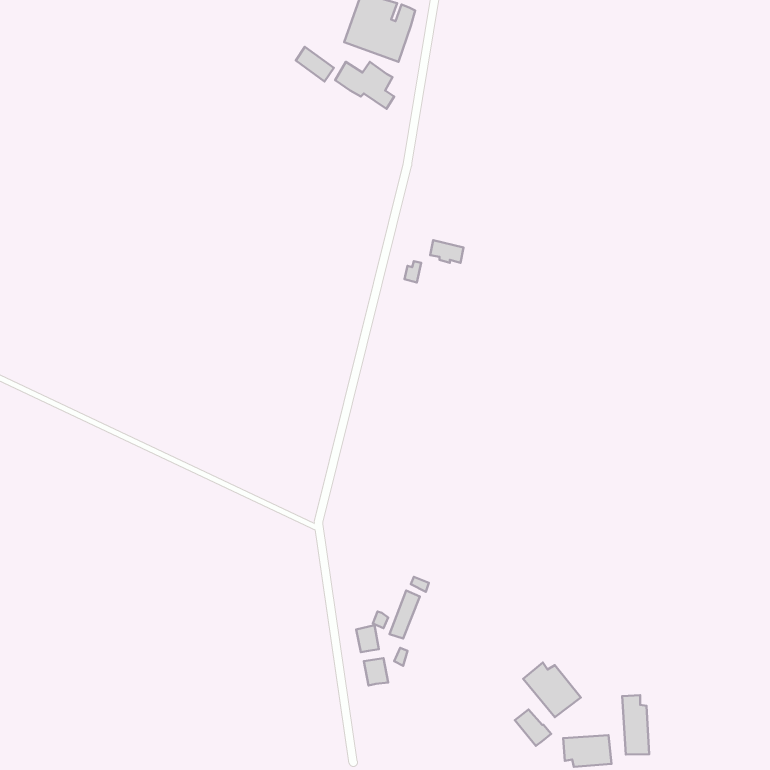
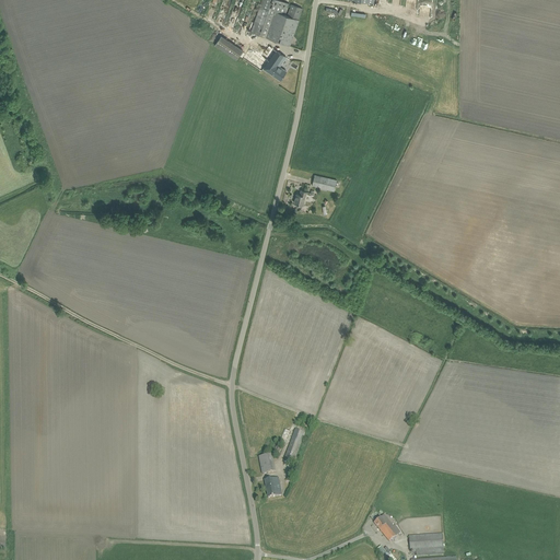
building: [523,662,581,717] -> none
building: [622,695,649,754] -> none

